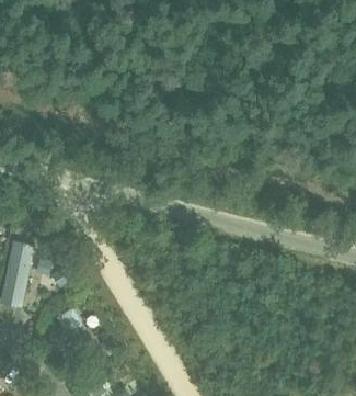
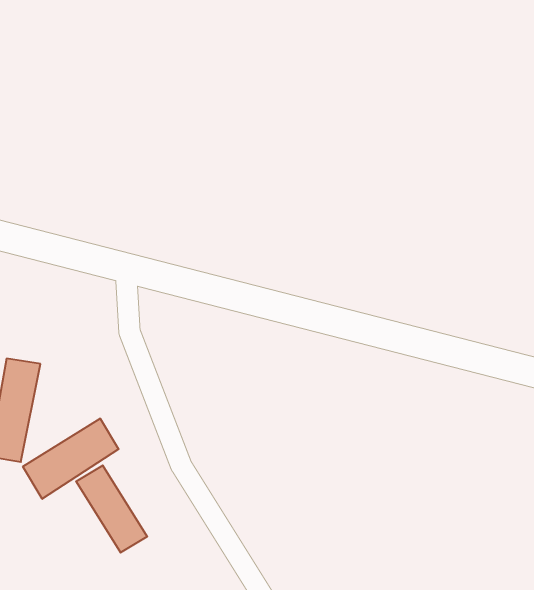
building: none -> [23,418,119,499]

